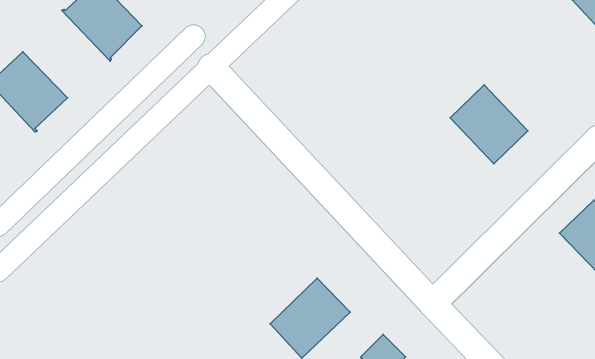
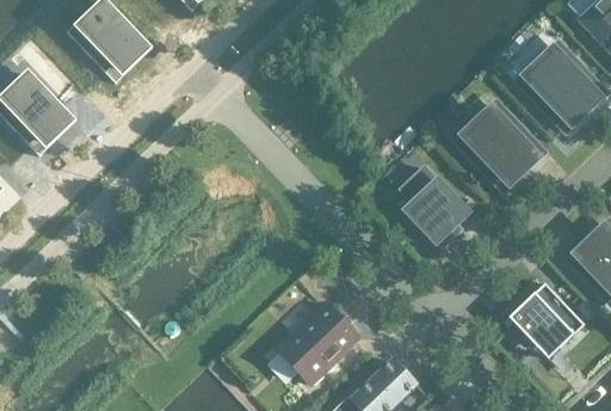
building: none -> [524,45,604,127]
building: none -> [401,165,468,246]
building: none -> [510,281,586,345]

